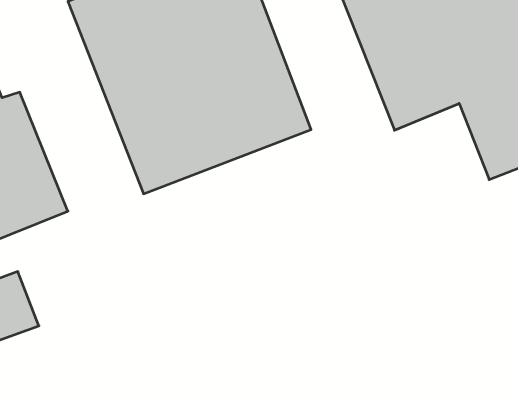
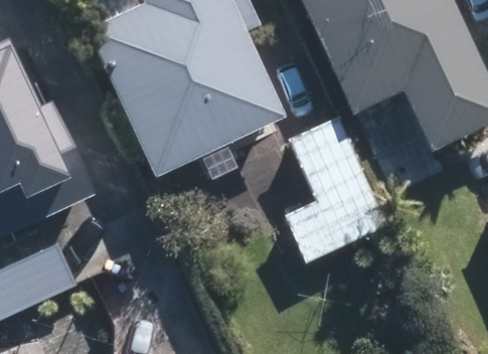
building: none -> [284,116,391,263]

